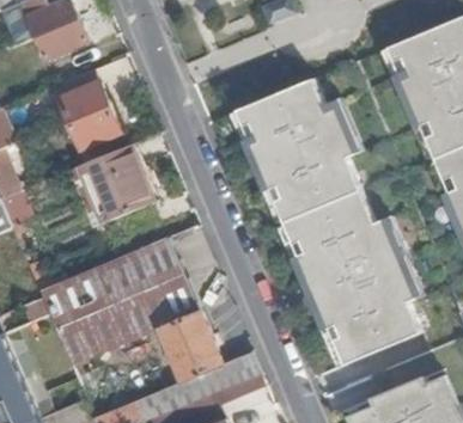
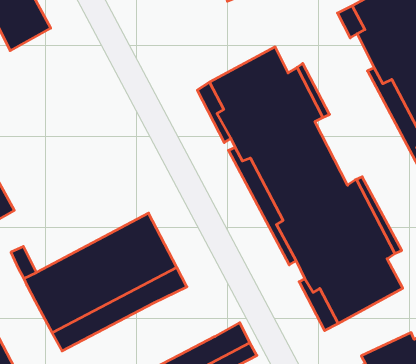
building: [56,67,120,146] -> none
building: [81,143,156,225] -> none
building: [167,311,226,379] -> none

